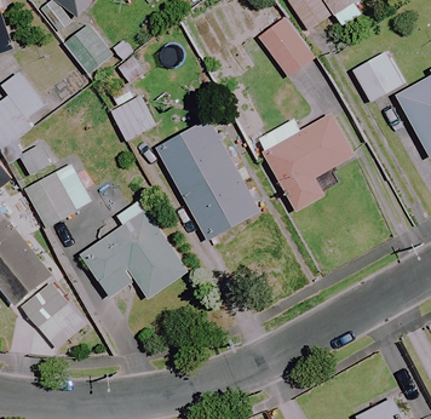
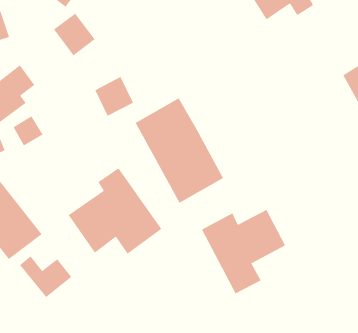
building: [257,17,314,78] -> none
building: [351,52,402,102] -> none
building: [255,115,352,212] -> [201,209,286,294]
building: [24,163,91,228] -> none

